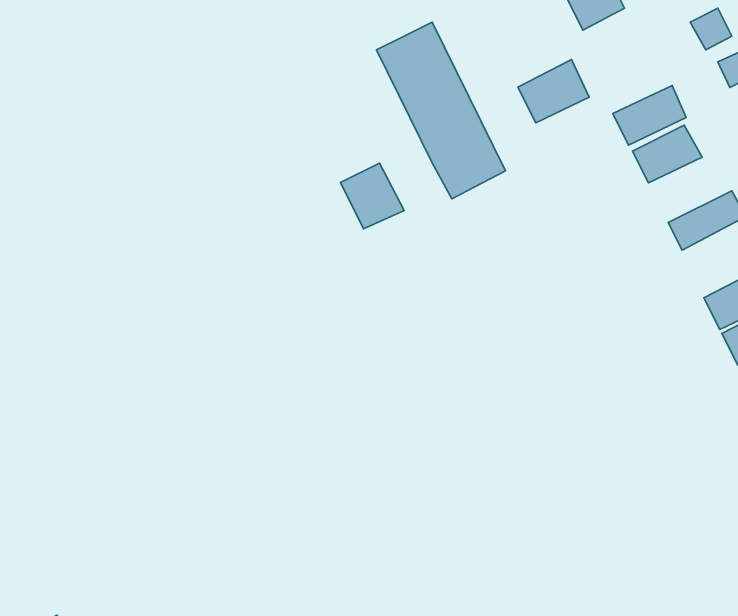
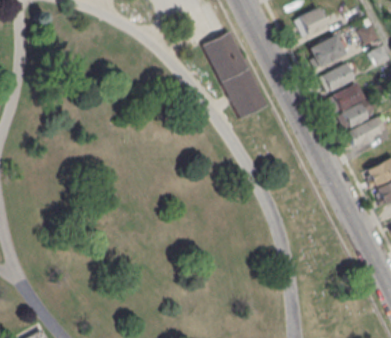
building: [518,59,589,123] -> [310,34,346,66]
building: none -> [339,100,376,130]
building: [341,163,404,229] -> none

